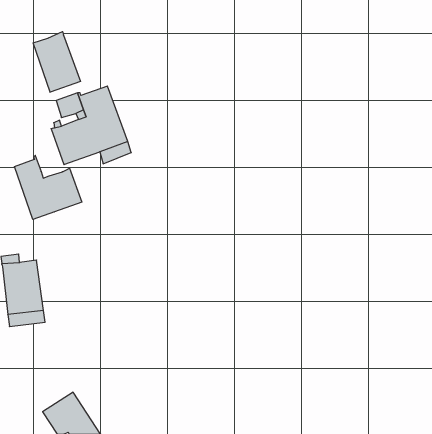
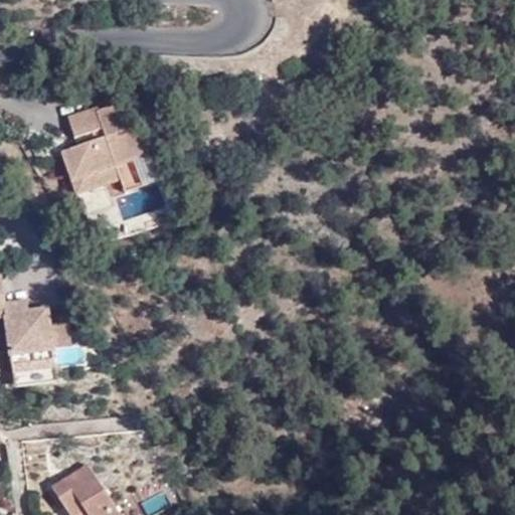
building: [33,32,81,92] -> none
building: [14,155,82,219] -> none

